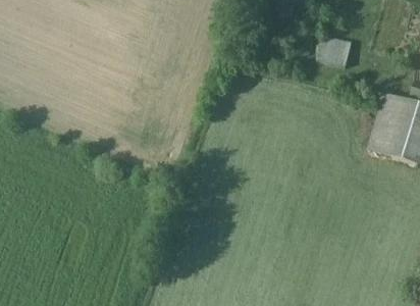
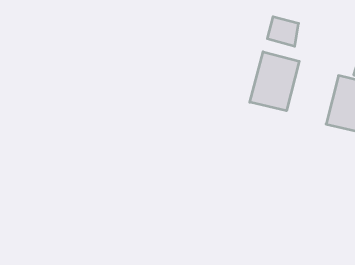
building: none -> [250,52,299,111]

